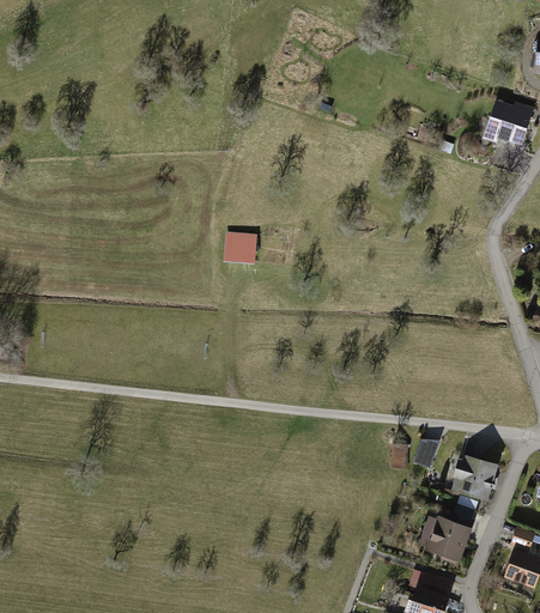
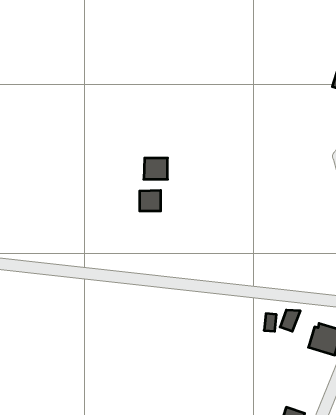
building: none -> [140,190,161,211]
building: [423,511,468,562] -> none

